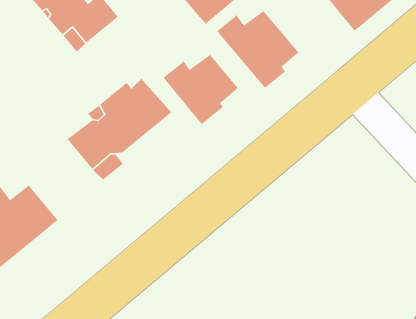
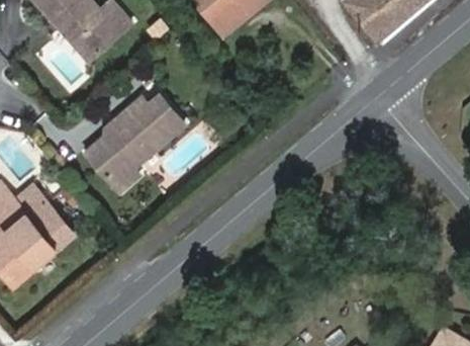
building: [216,10,299,89] -> none
building: [162,54,239,125] -> none

